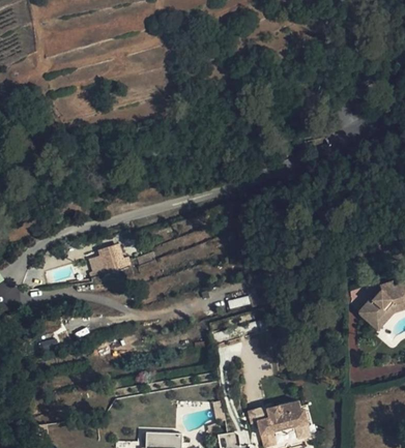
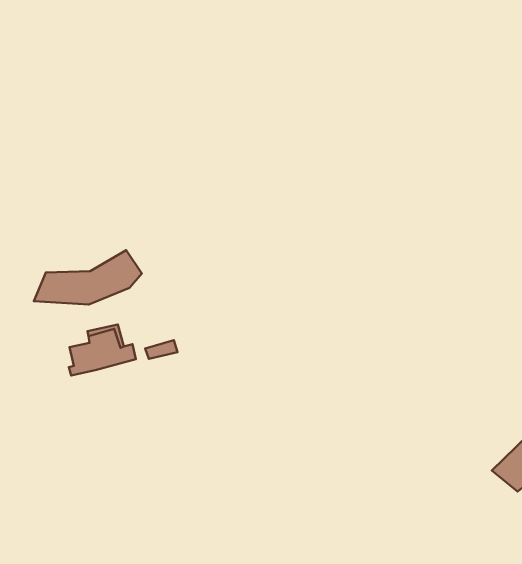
building: none -> [34,250,142,305]

